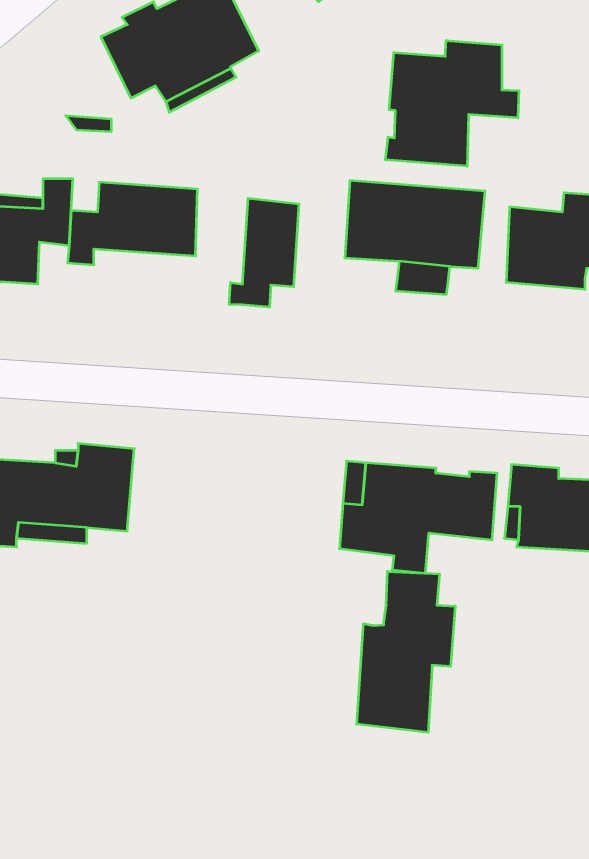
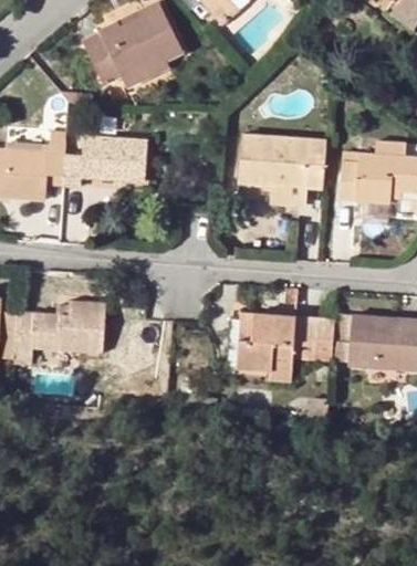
building: [386,40,519,166] -> none
building: [229,198,299,307] -> none
building: [357,571,455,732] -> none

